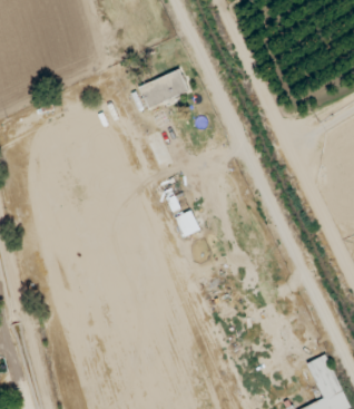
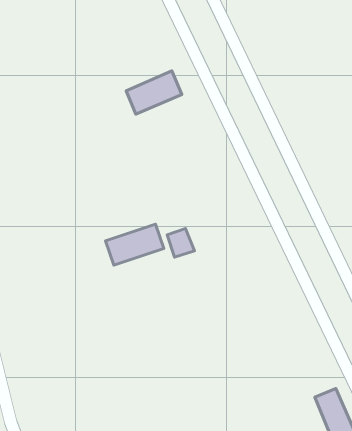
building: none -> [105,224,164,265]

